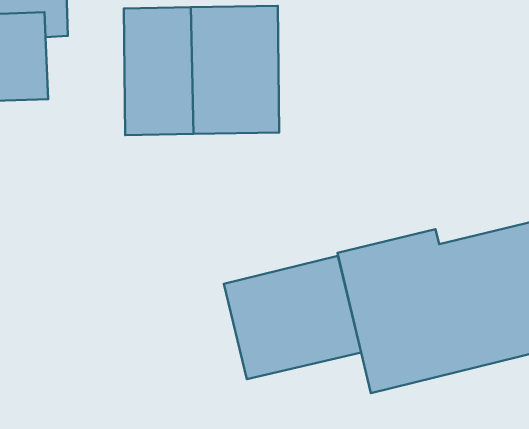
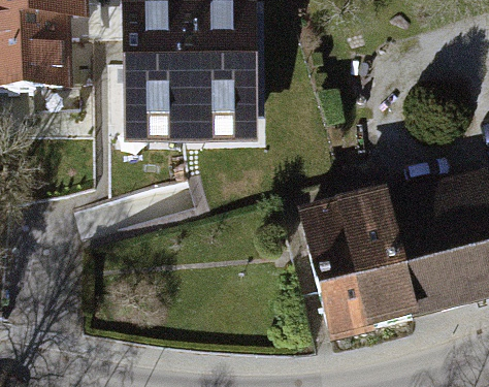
building: [224,256,361,379] -> none

